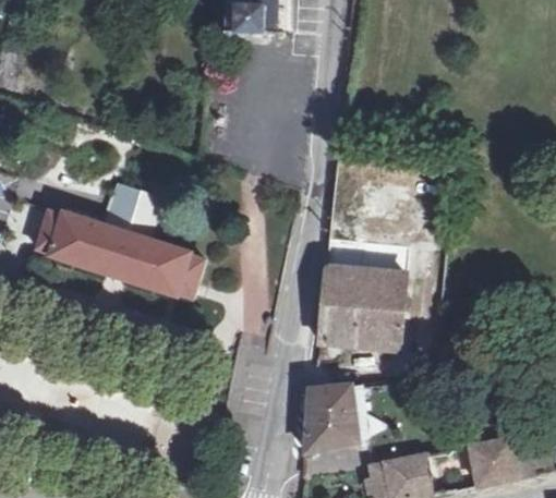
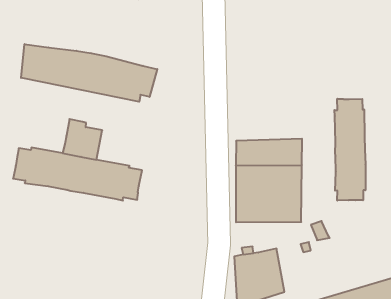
building: none -> [21,44,157,102]
building: none -> [334,99,365,201]

